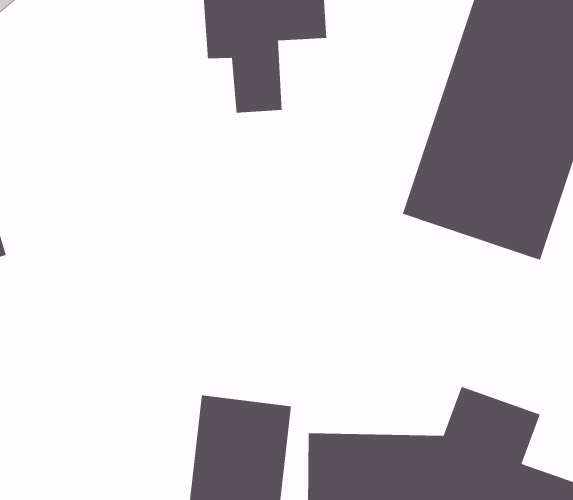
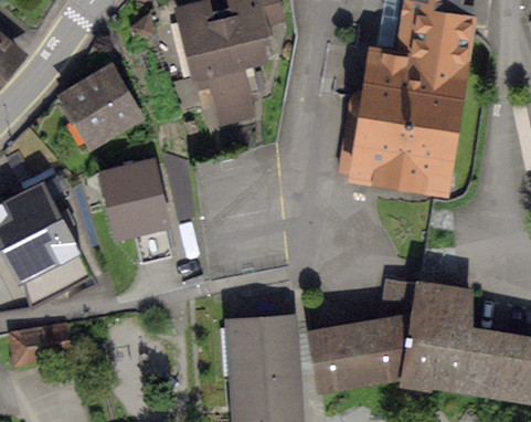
building: none -> [63,76,139,148]
building: none -> [100,171,172,240]

